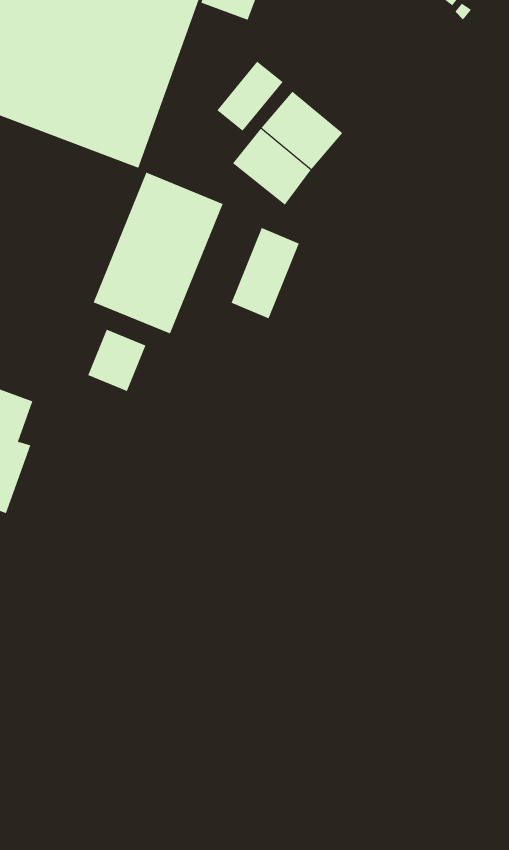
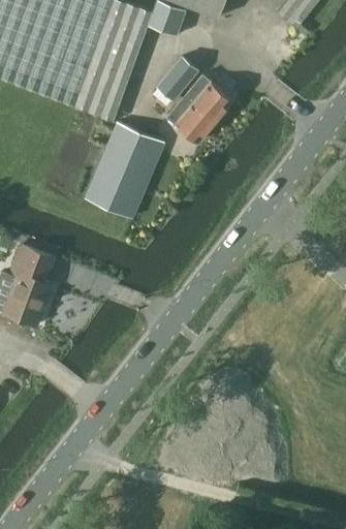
building: [231,227,300,319] -> none
building: [87,329,146,392] -> none

